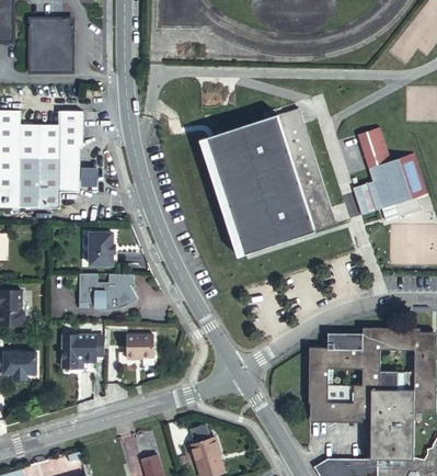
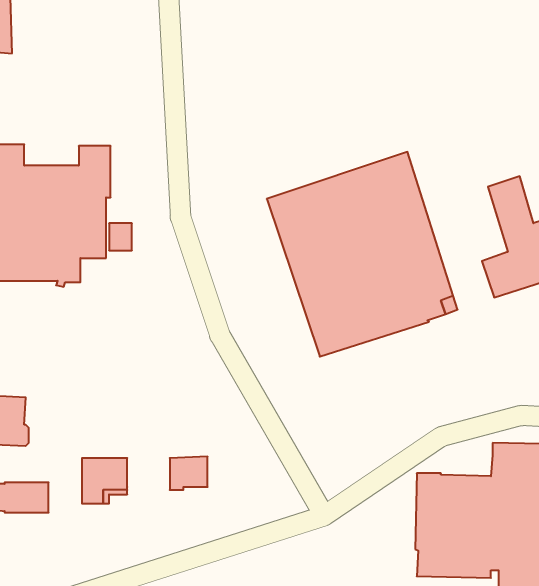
building: [30,16,72,70] -> none
building: [91,233,114,264] -> none
building: [80,272,138,309] -> none
building: [322,332,359,348] -> none

